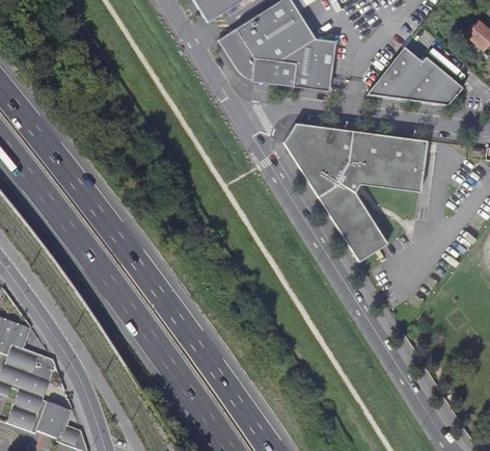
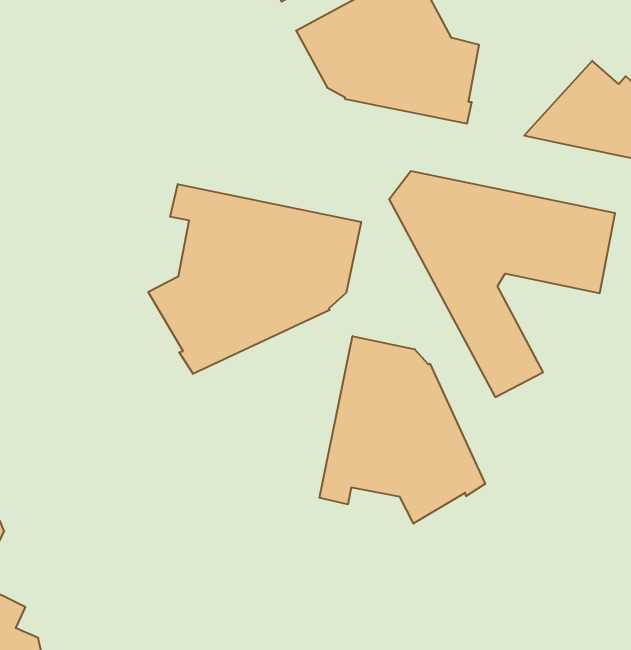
building: none -> [148,184,361,374]
building: none -> [319,336,485,524]

